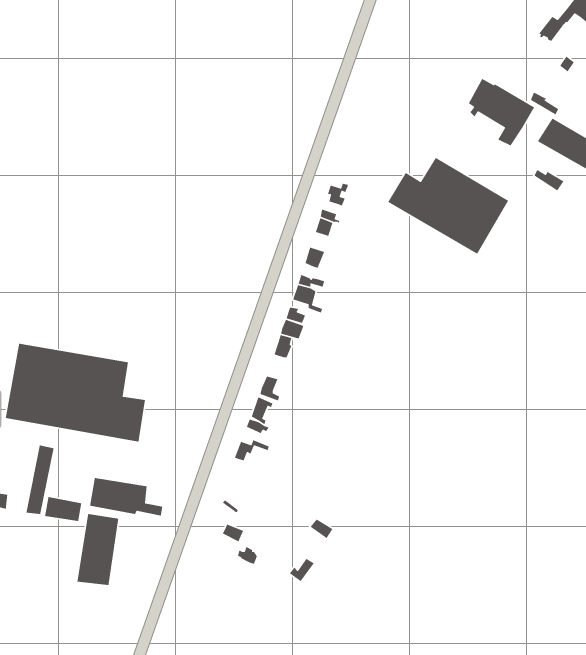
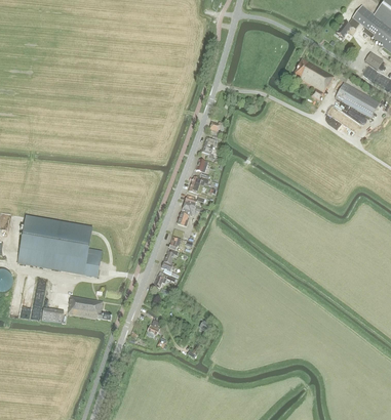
building: [387,157,509,255] -> none
building: [76,513,119,586] -> none

